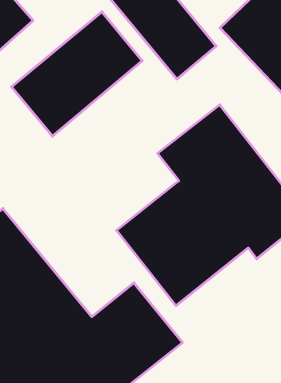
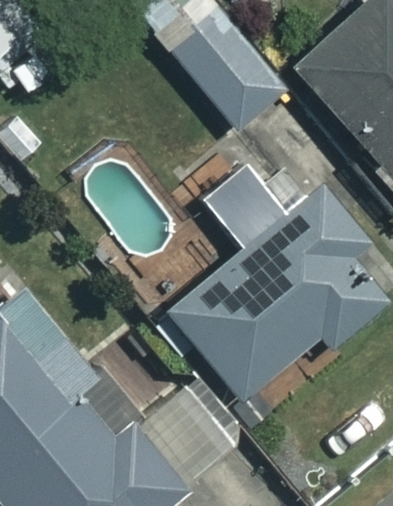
building: [11,12,142,136] -> none

